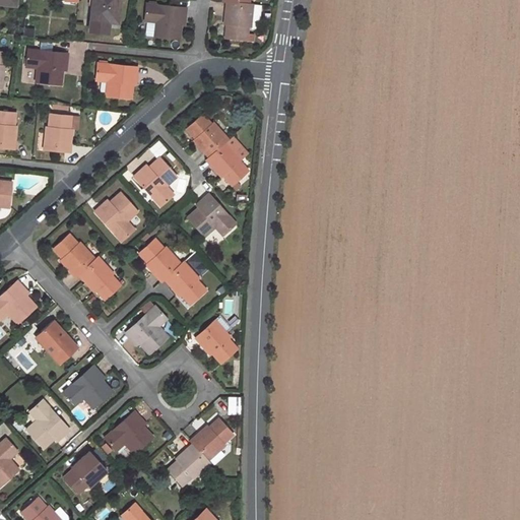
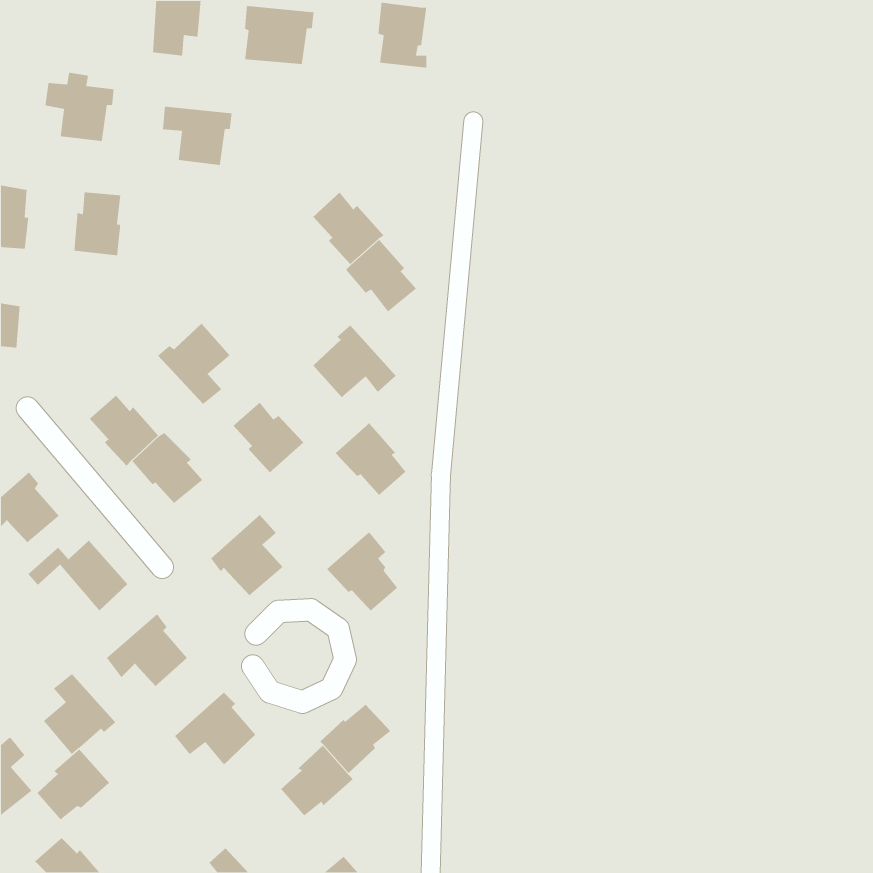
building: [133,157,177,206] -> none
building: [162,261,205,305] -> [335,422,407,496]
building: [63,451,107,494] -> [36,749,110,820]

